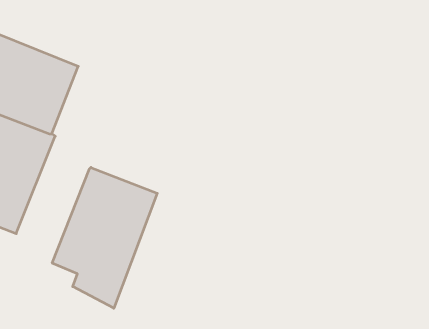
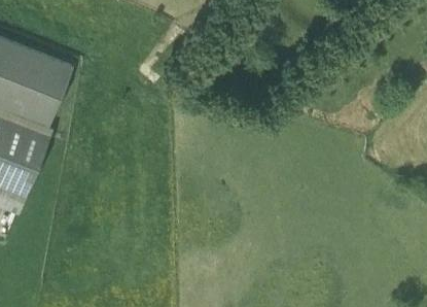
building: [52,167,157,308] -> none

